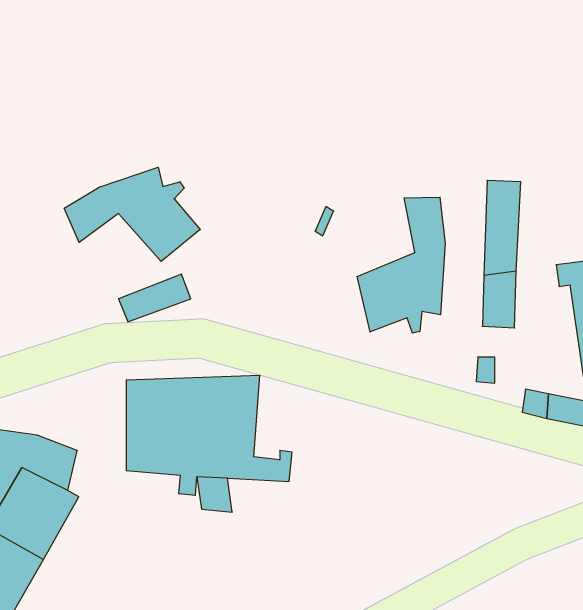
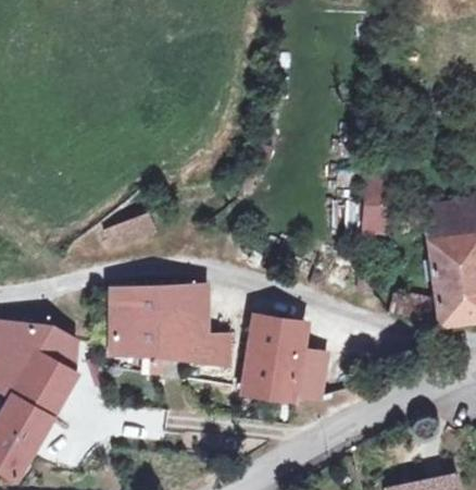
building: [64,167,200,261] -> none
building: [357,197,445,333] -> none
building: none -> [248,317,325,395]

